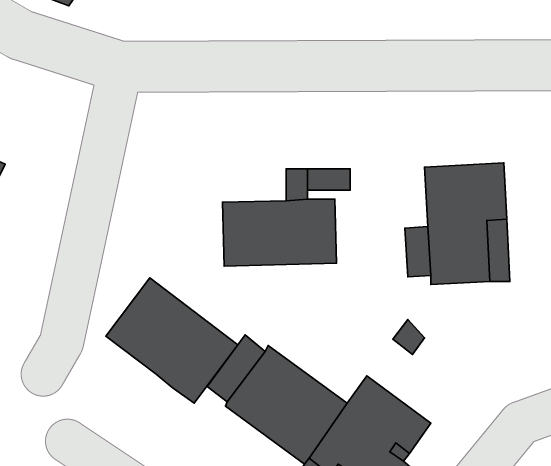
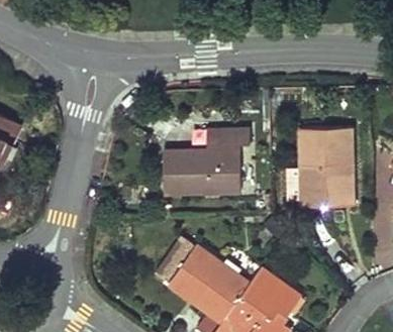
building: [106,278,238,403] -> none

